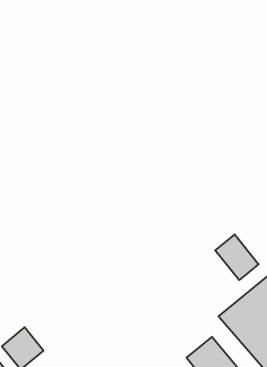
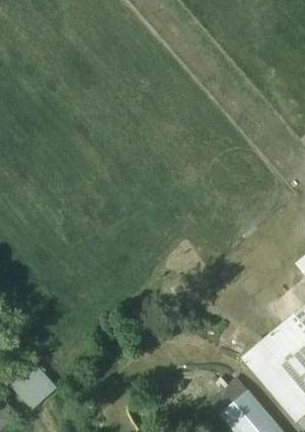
building: [215,234,259,280] -> none

